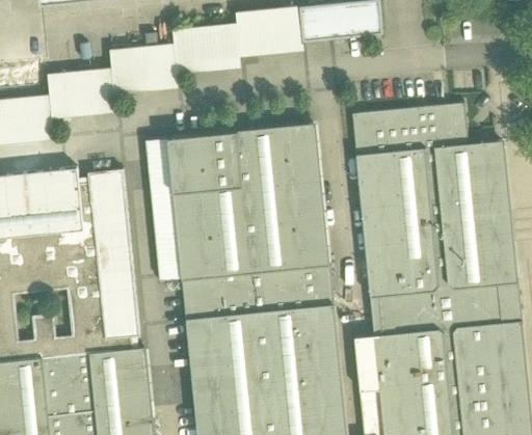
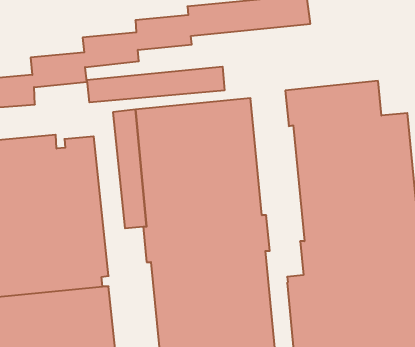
building: none -> [87,67,224,102]

